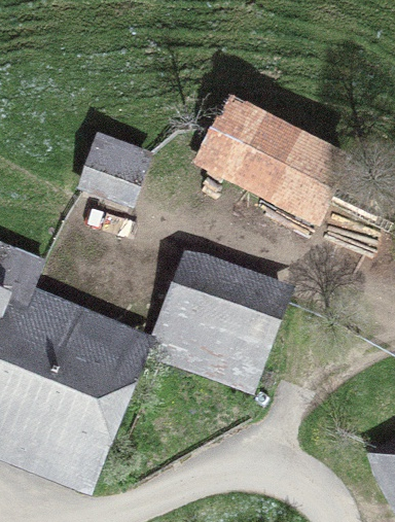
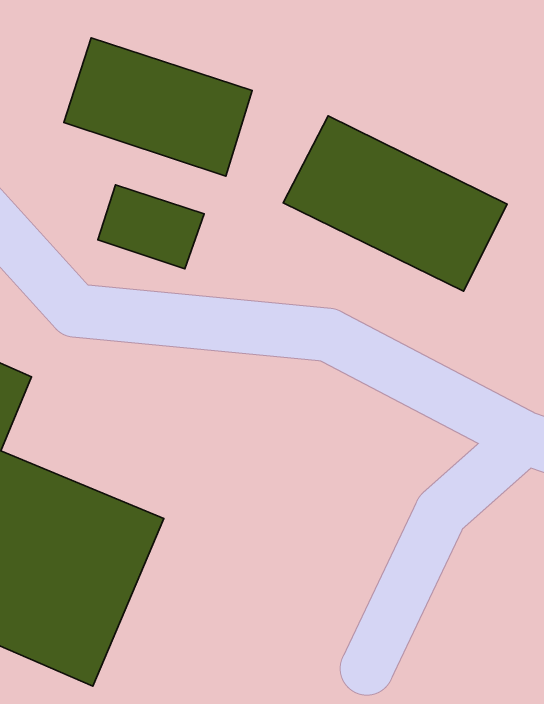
building: none -> [64,38,252,176]
building: [153,255,280,387] -> none

